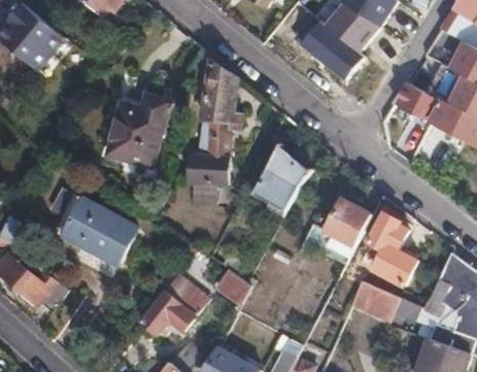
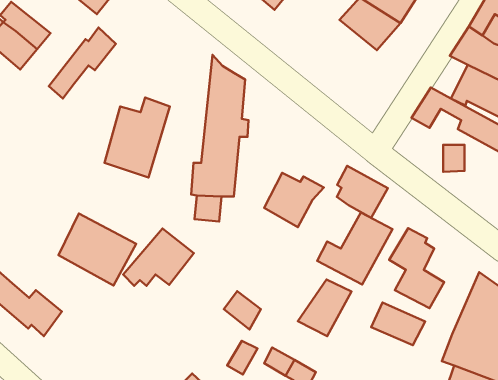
building: [294,12,364,78] -> none
building: none -> [49,28,116,98]
building: none -> [337,166,388,218]
building: none -> [298,279,352,336]
building: [142,279,207,332] -> [123,228,194,286]

